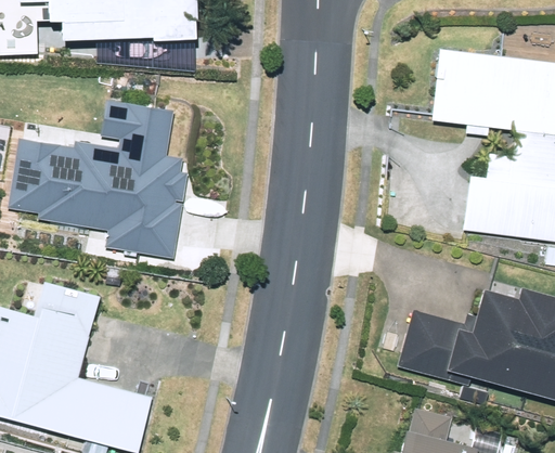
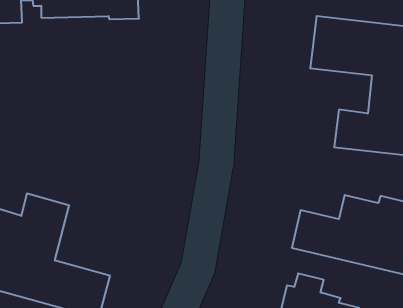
building: [13,98,191,254] -> none

